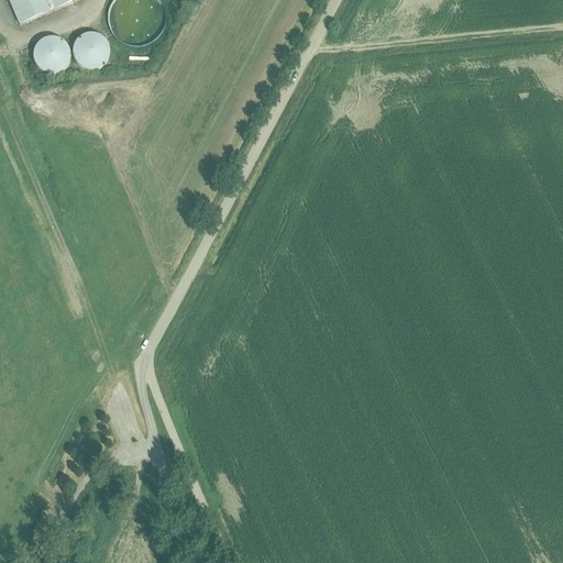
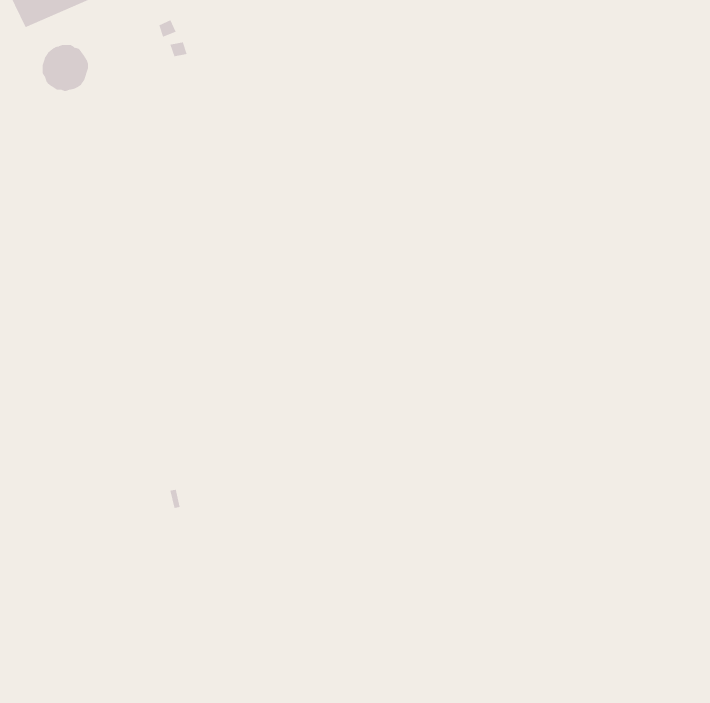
building: [73,31,110,68] -> none

